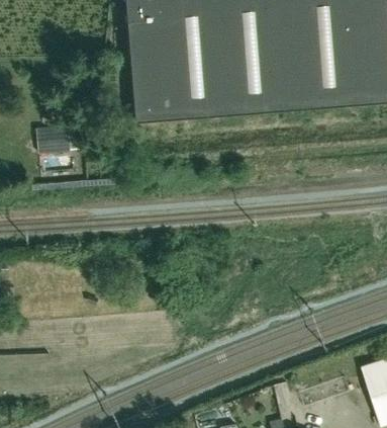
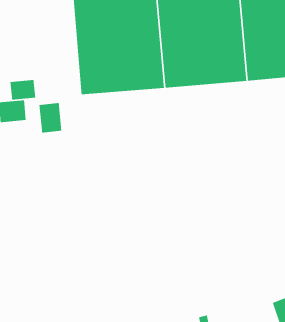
building: none -> [10,79,36,101]
building: none -> [39,102,62,134]

